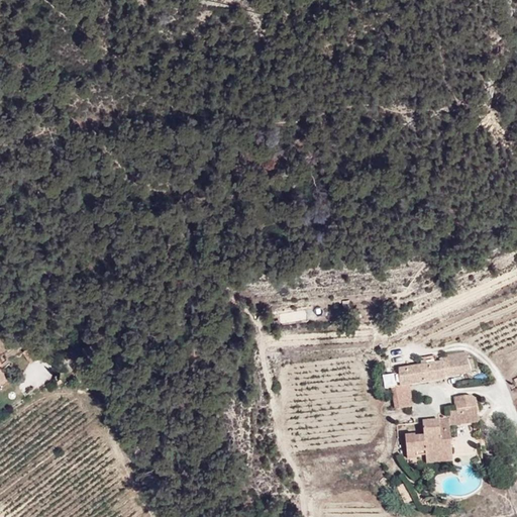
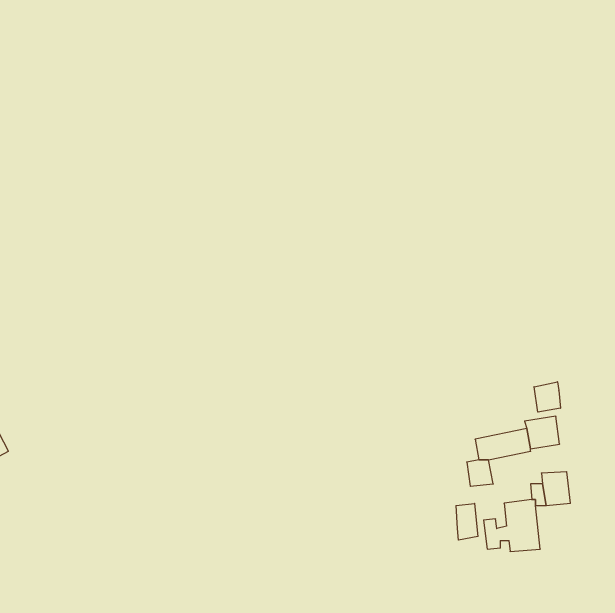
building: none -> [534,382,560,412]
building: none -> [456,503,478,540]

